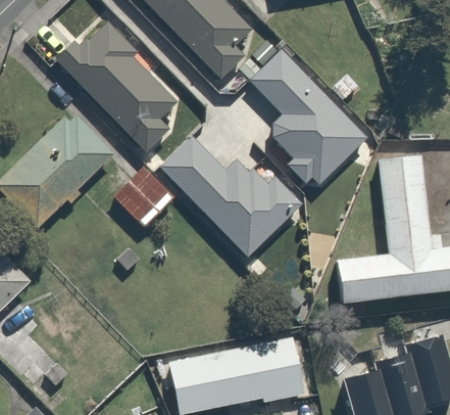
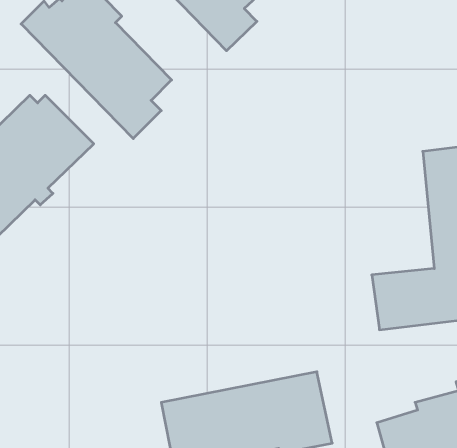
building: [249,49,370,188] -> none
building: [161,137,303,258] -> none
building: [114,168,176,229] -> none

